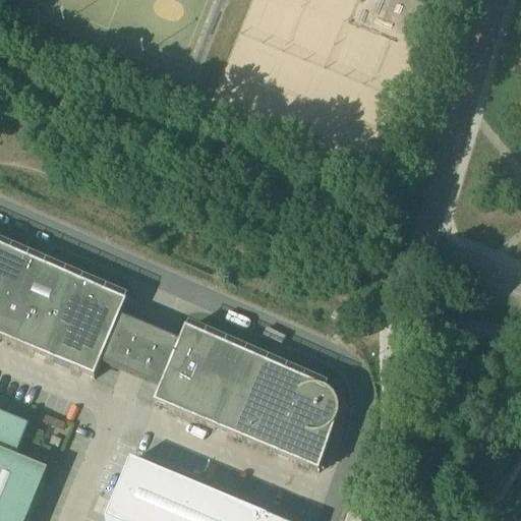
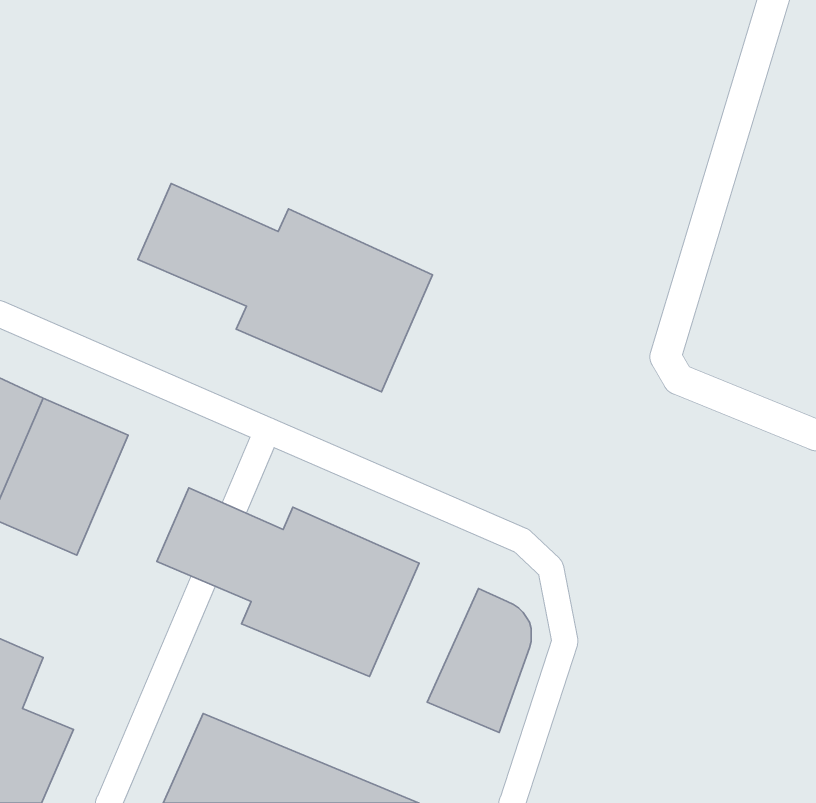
building: none -> [138,184,433,392]
building: [49,277,126,371] -> none
building: [235,358,304,447] -> none

